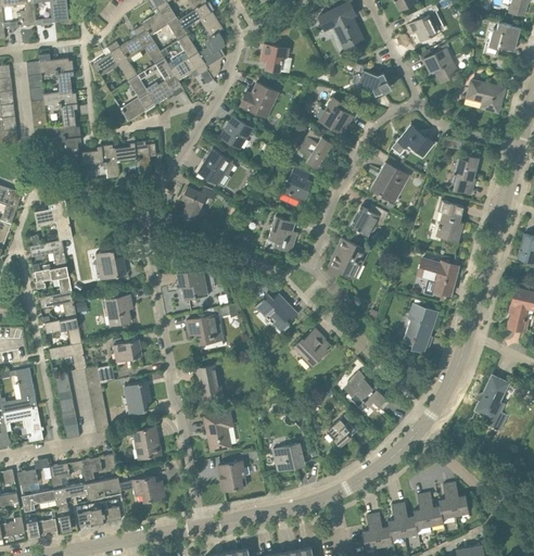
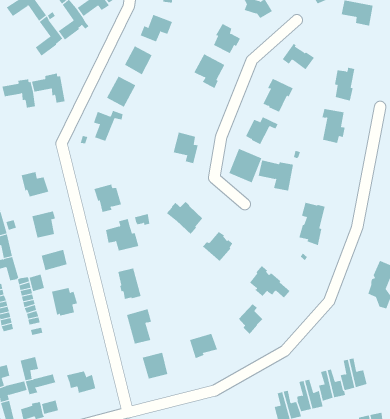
building: [282,166,313,204] -> none
building: [417,258,458,295] -> [258,160,294,191]
building: [134,428,161,458] -> none

